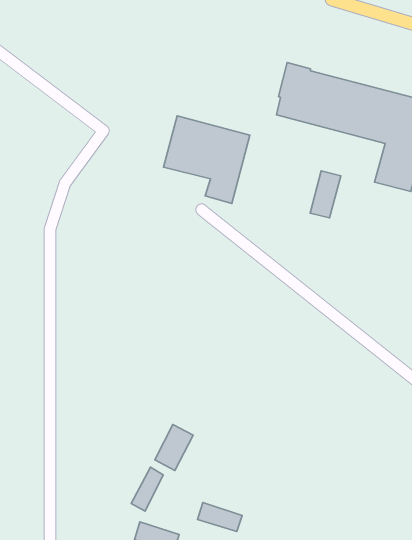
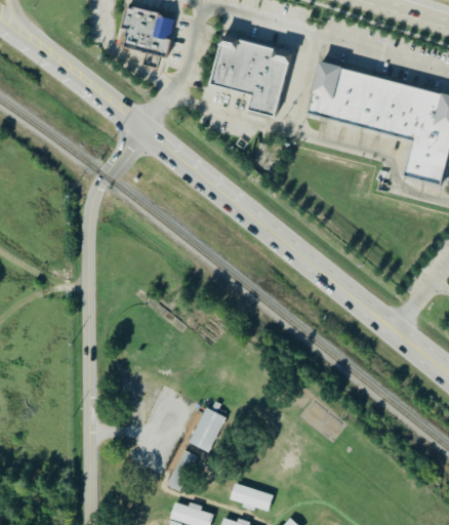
building: none -> [117,6,175,57]
building: [163,116,250,203] -> [209,34,292,118]
building: [310,171,341,218] -> none

